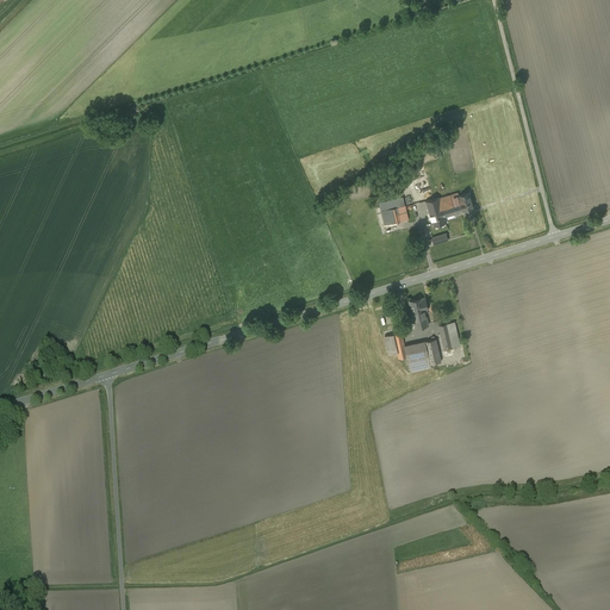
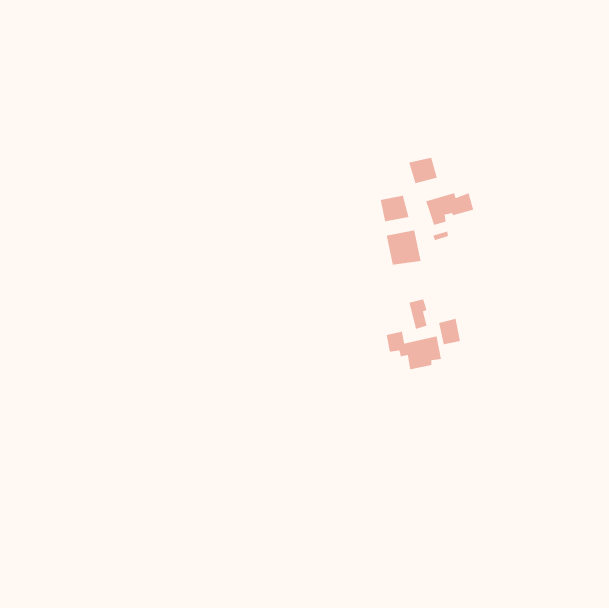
building: none -> [408,157,438,184]
building: none -> [386,230,422,266]

